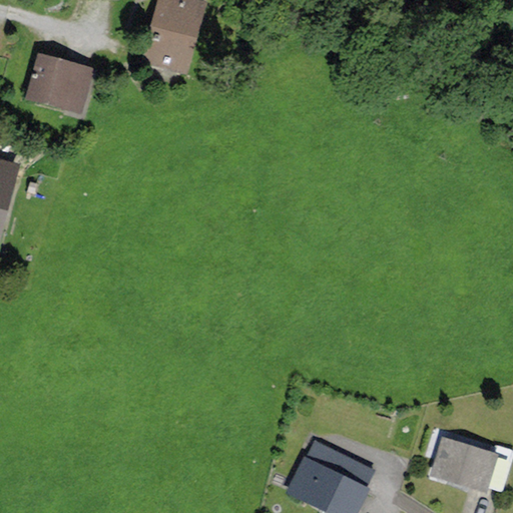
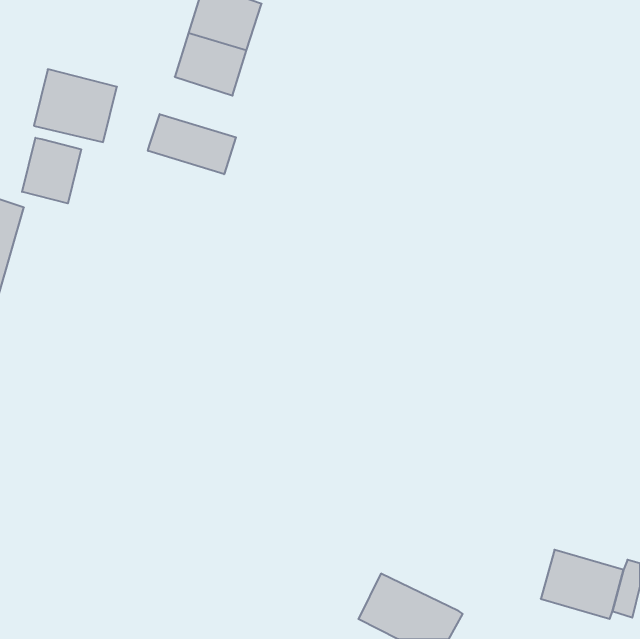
building: none -> [148,114,236,174]
building: none -> [22,138,81,203]
building: [304,439,374,487] -> none

